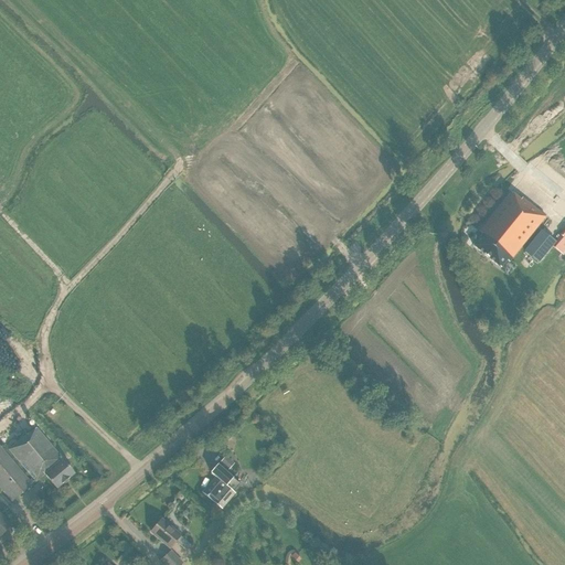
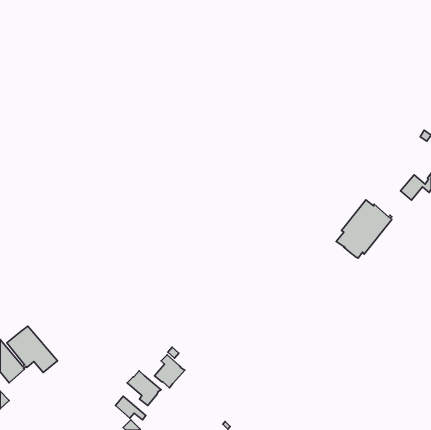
building: [472,190,545,266] -> [336,200,392,258]
building: none -> [127,371,161,405]

